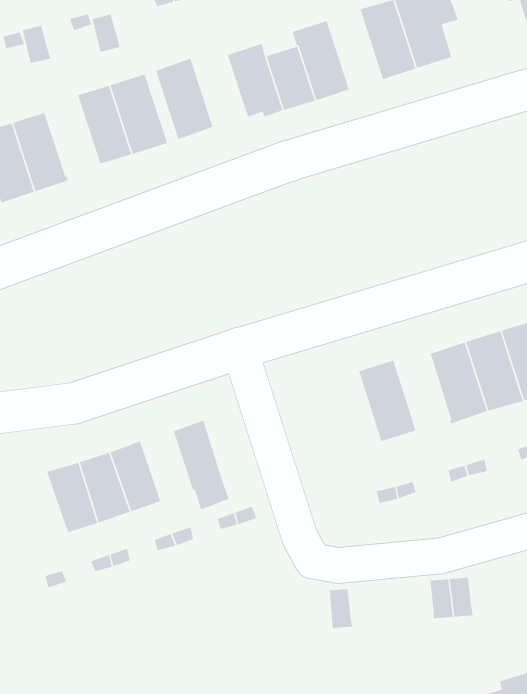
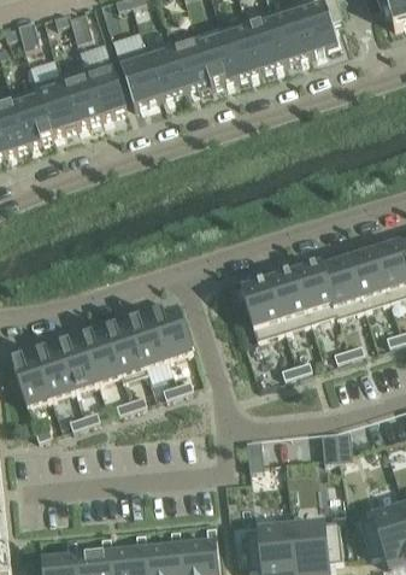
building: none -> [245,7,286,68]
building: none -> [143,35,186,95]
building: none -> [33,71,76,131]
building: none -> [294,259,336,321]
building: none -> [240,276,284,338]
building: none -> [153,305,193,358]
building: none -> [106,321,148,380]
building: none -> [12,351,52,405]

